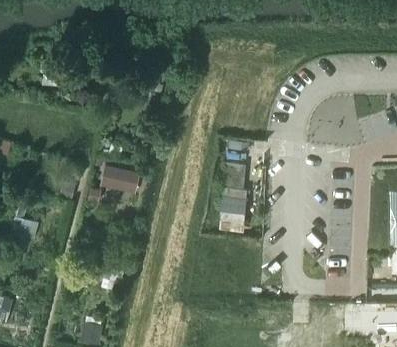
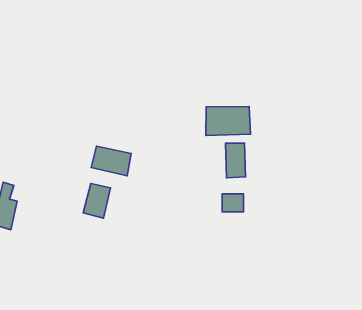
building: none -> [206,106,250,136]
building: none -> [83,183,111,218]

